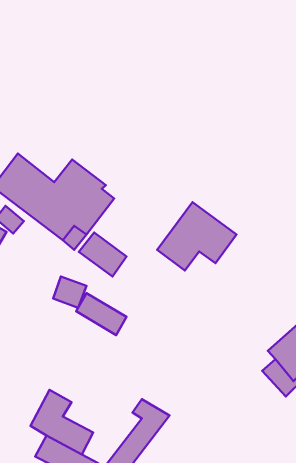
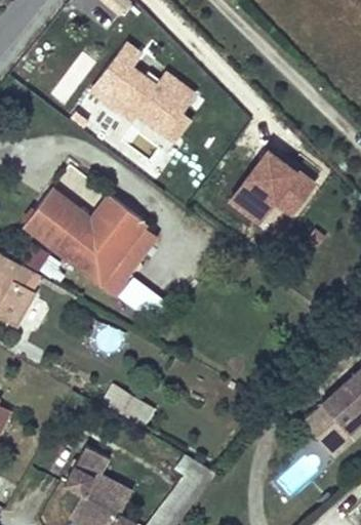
building: none -> [104,43,194,135]
building: [157,202,236,271] -> [230,150,315,224]
building: [76,293,127,335] -> [102,383,156,429]

